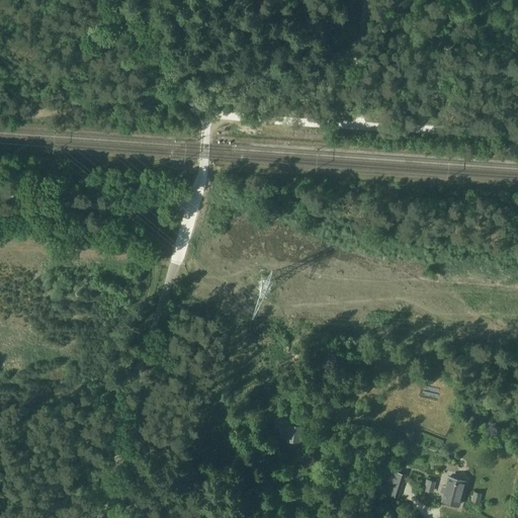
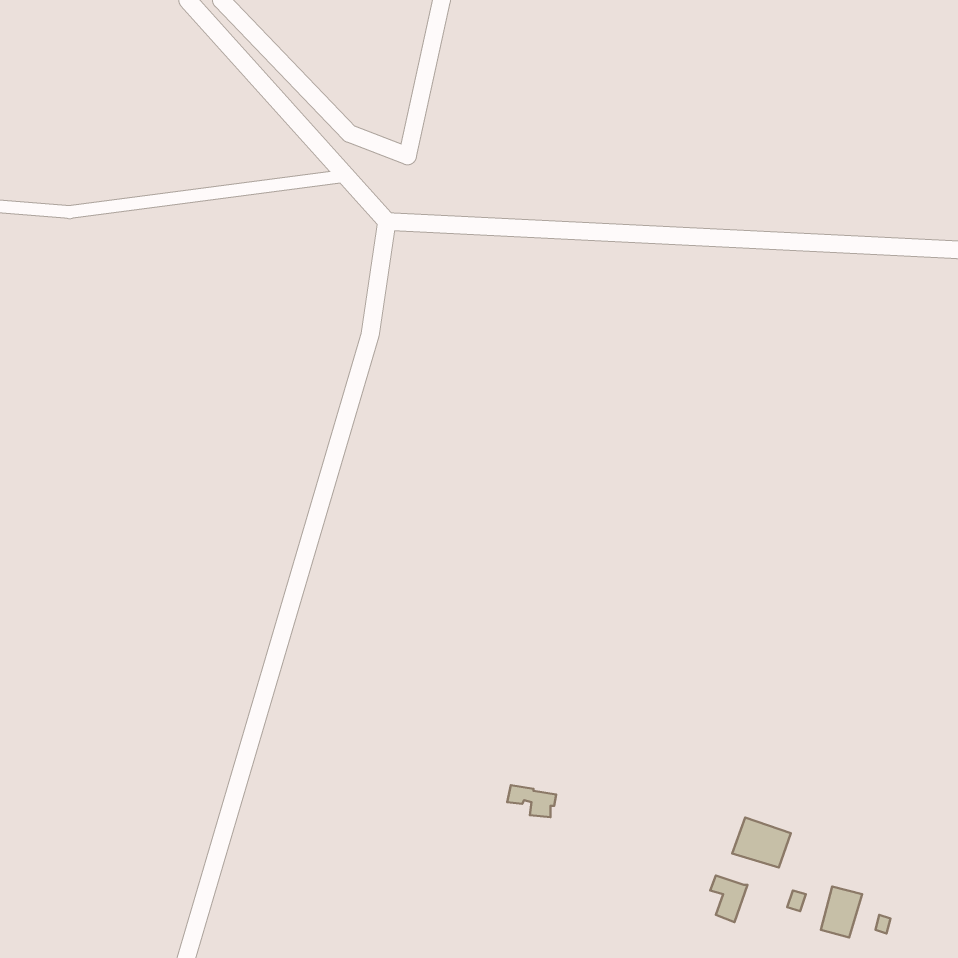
building: none -> [732,817,791,867]

